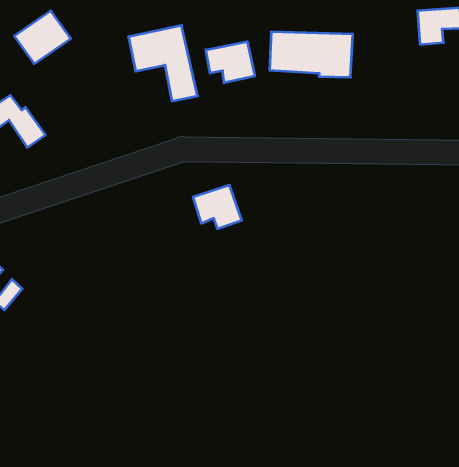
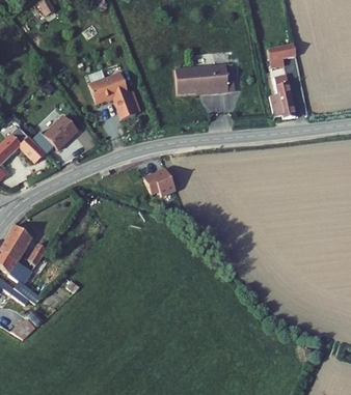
building: [14,11,71,64] -> [45,114,80,148]
building: [206,42,255,83] -> none
building: none -> [272,73,298,115]

